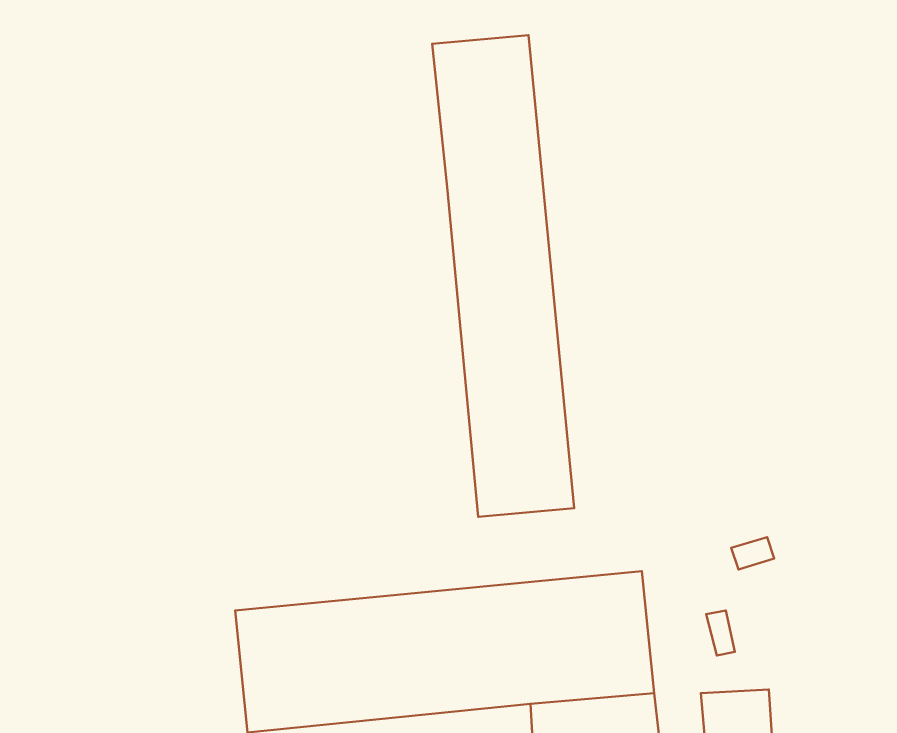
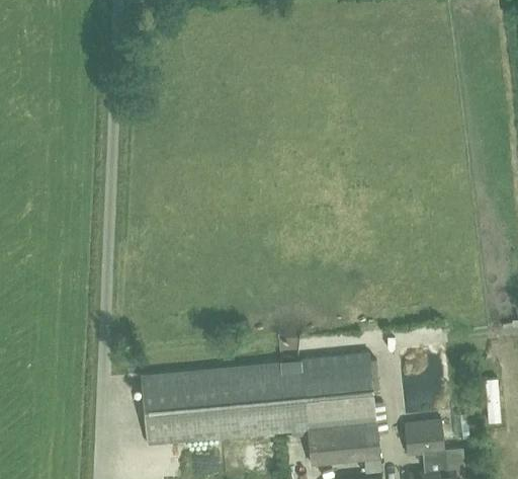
building: [432,35,574,517] -> none

